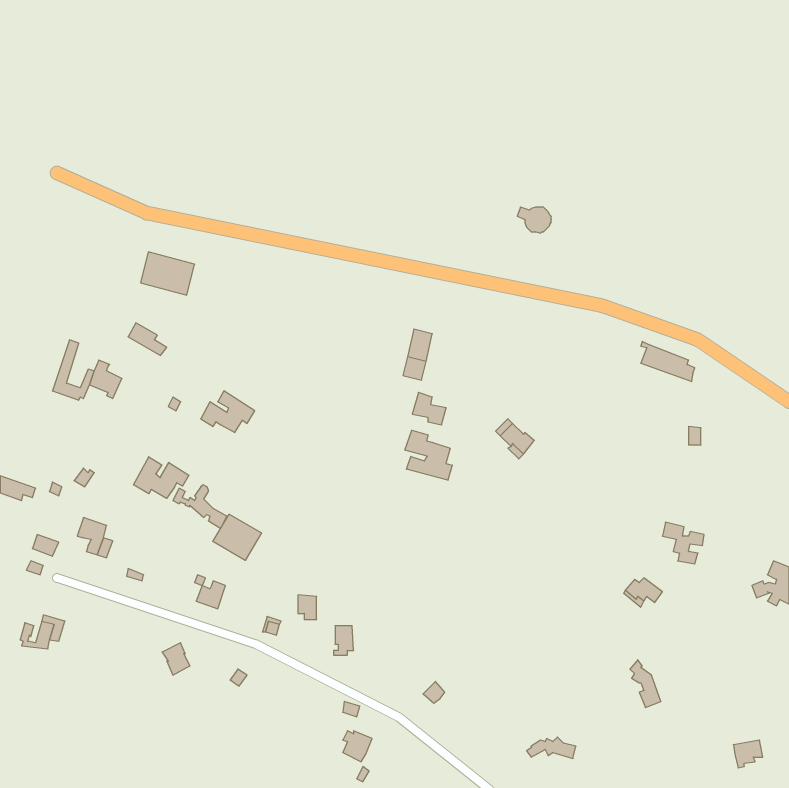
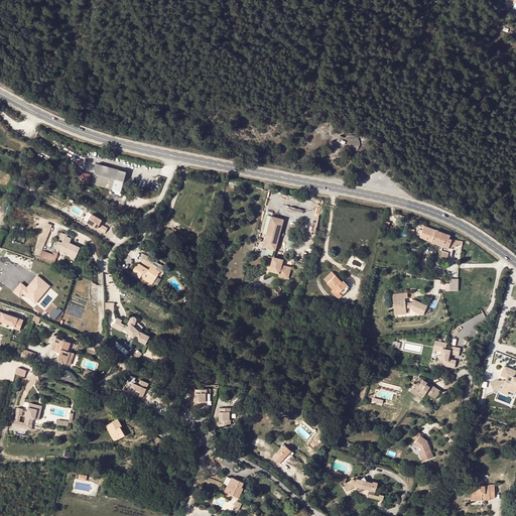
building: none -> [12,274,48,302]
building: [405,430,452,480] -> none
building: none -> [393,293,426,314]
building: [133,457,189,498] -> none
building: [213,514,262,560] -> none

